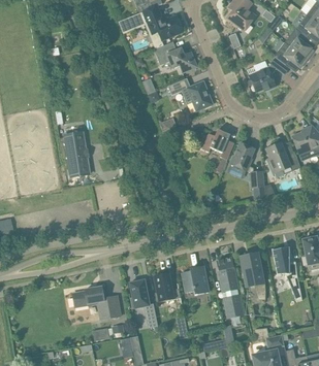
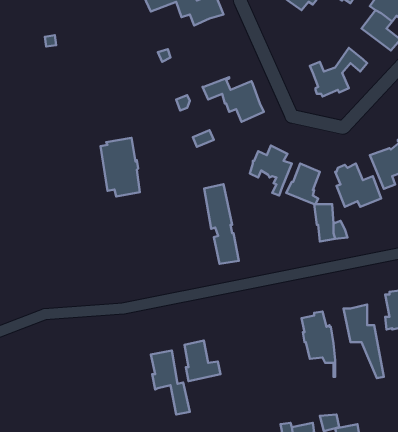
building: [154,41,197,73] -> none
building: [274,42,307,68] -> none
building: [60,133,89,176] -> [101,138,140,196]
building: [217,259,243,318] -> [204,184,239,264]
building: [182,266,209,295] -> none
building: [72,287,121,319] -> none

